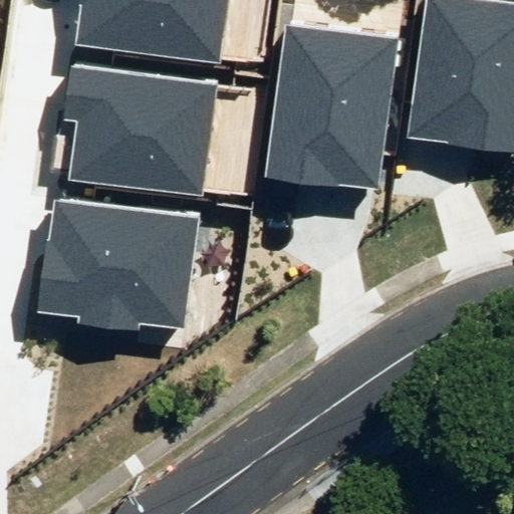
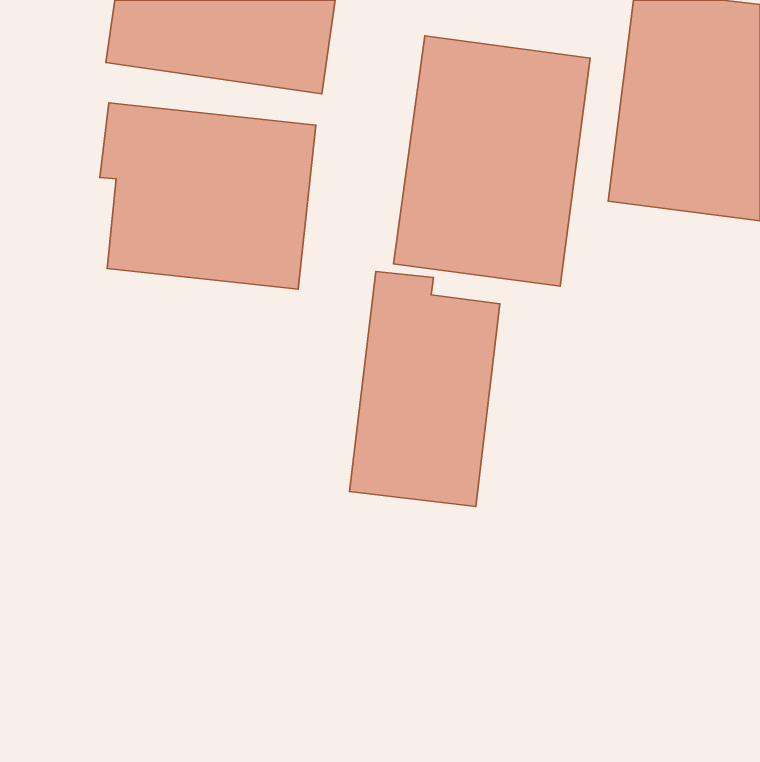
building: none -> [350,271,500,506]
building: [40,201,198,330] -> none

